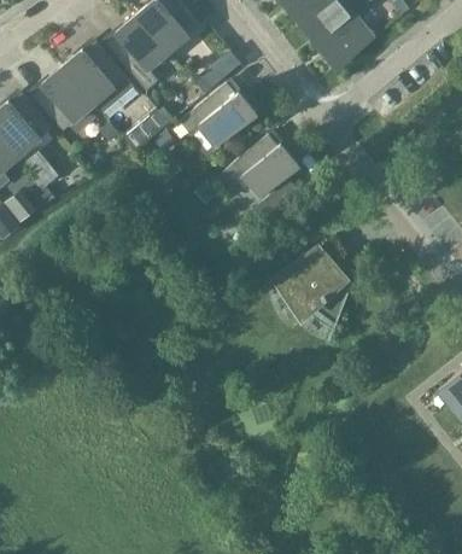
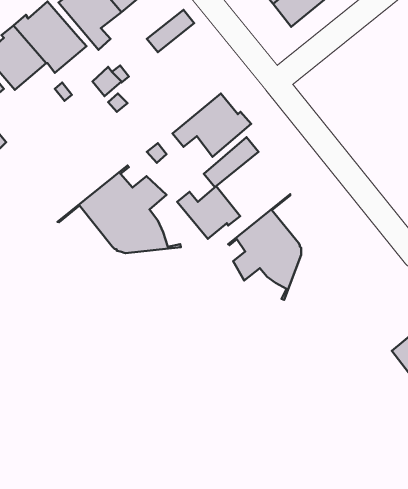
building: [179,82,256,145] -> none
building: none -> [58,165,181,253]
building: none -> [177,186,240,239]

